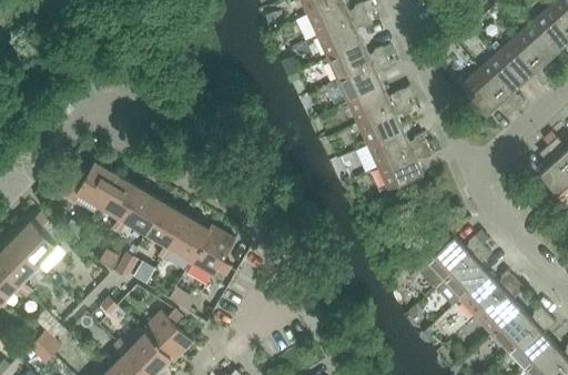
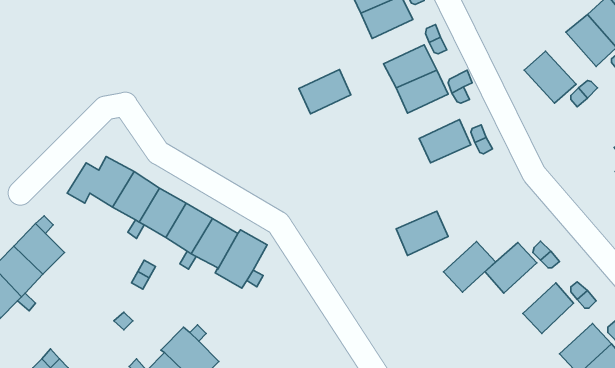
building: [327,42,373,81] -> [299,69,351,114]
building: [479,53,524,99] -> none
building: [358,108,404,146] -> none
building: [378,152,424,191] -> [396,211,448,255]
building: [443,255,488,300] -> [444,241,496,292]
building: [476,291,520,335] -> none

